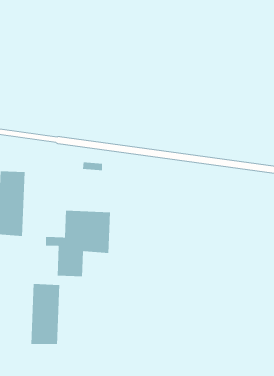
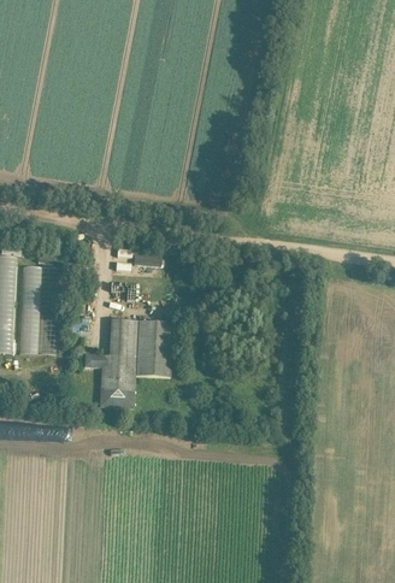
building: [31,283,60,345] -> none

